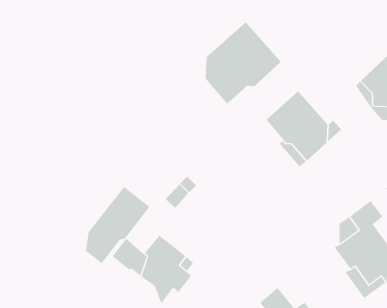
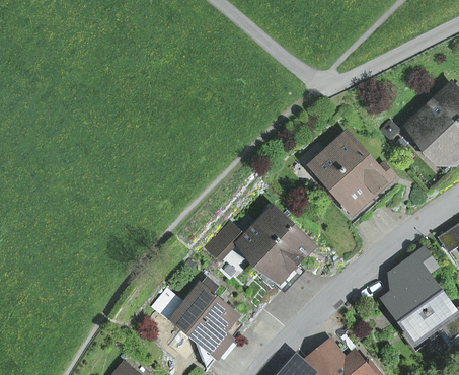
building: [205,22,281,104] -> none
building: none -> [241,208,312,278]
building: [85,186,150,264] -> none

